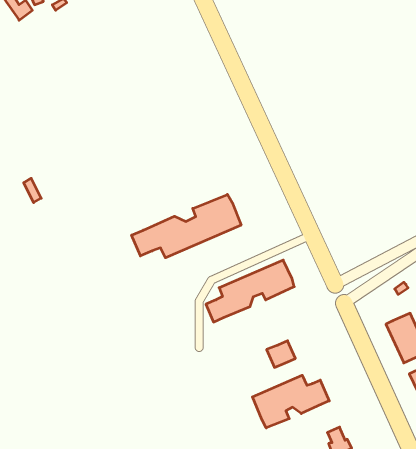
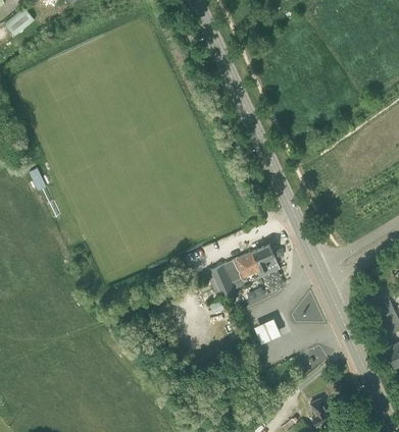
building: [132,194,241,258] -> none
building: [252,375,329,428] -> none

